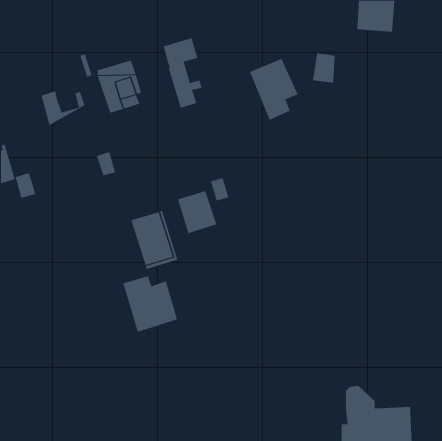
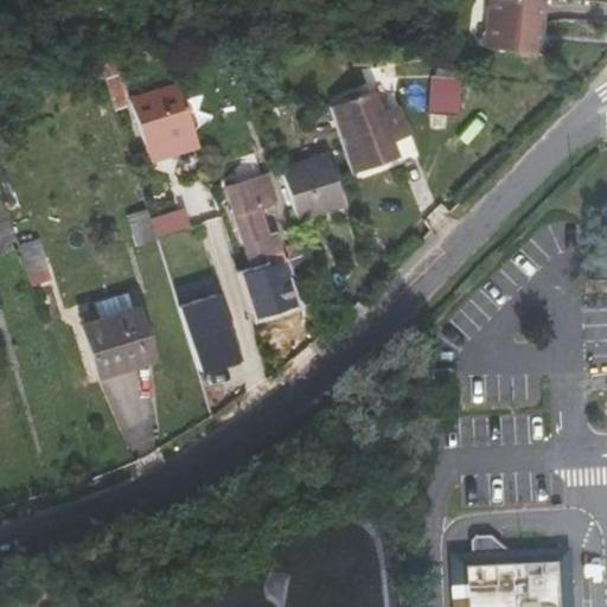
building: [163,37,203,108] -> [229,173,283,270]
building: [41,90,85,126] -> none
building: none -> [282,155,344,221]
building: [122,275,178,333] -> [78,299,154,377]

